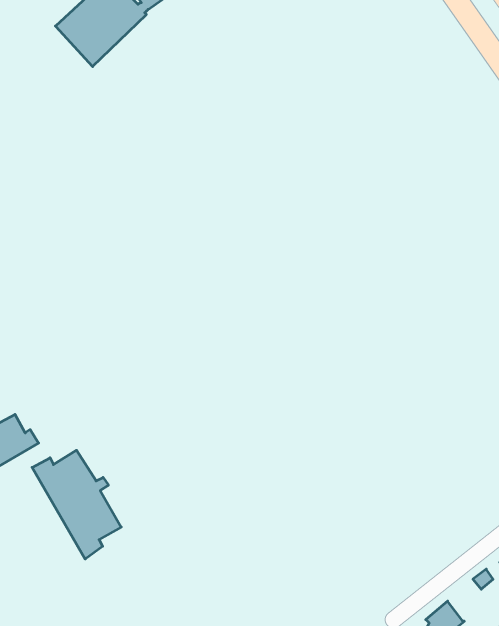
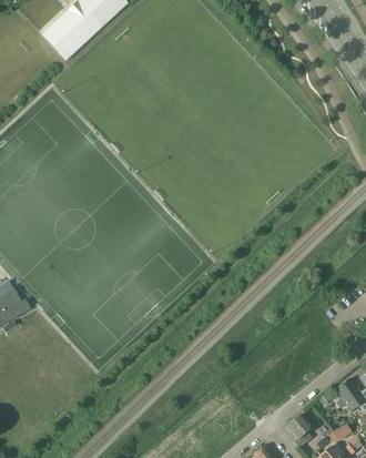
building: [32,450,121,559] -> none

